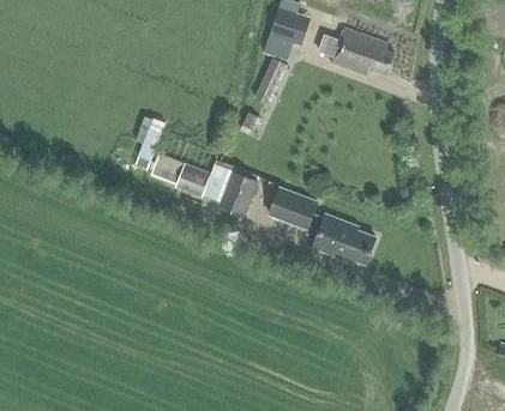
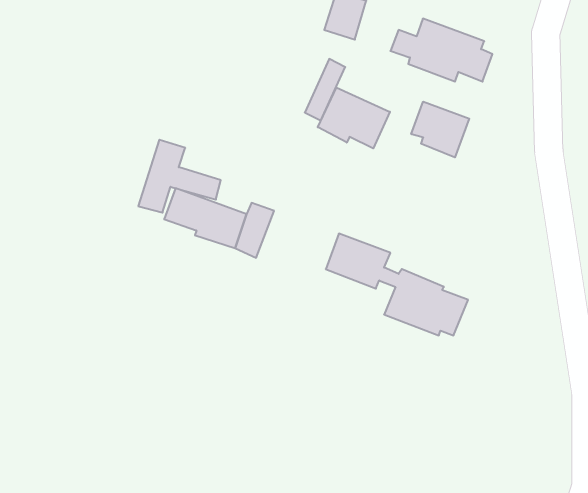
building: none -> [318,88,390,148]
building: none -> [411,102,469,157]
building: [218,170,258,214] -> none

